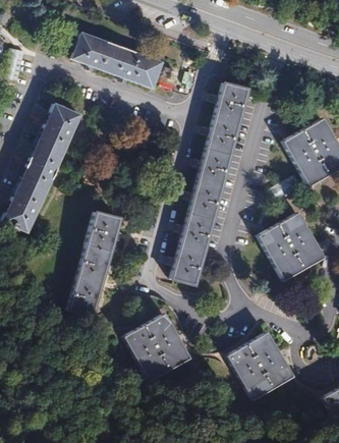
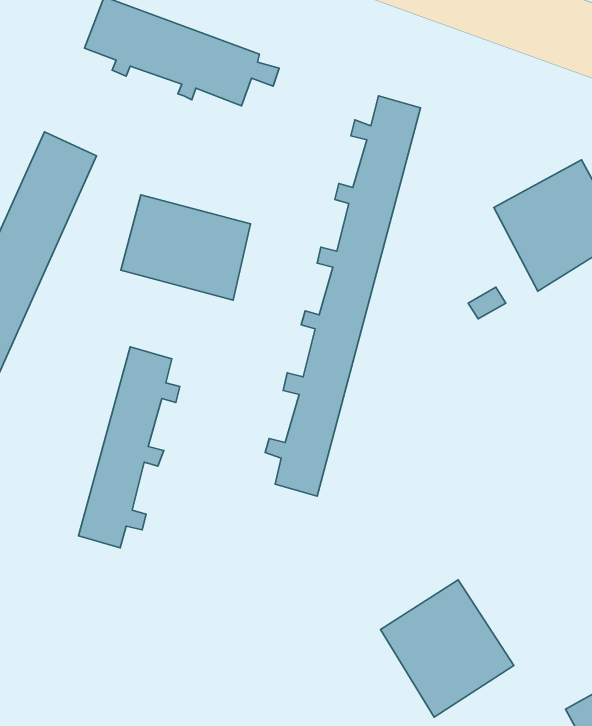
building: none -> [121,195,250,300]
building: [259,212,327,279] -> none
building: [125,312,192,382] -> none

